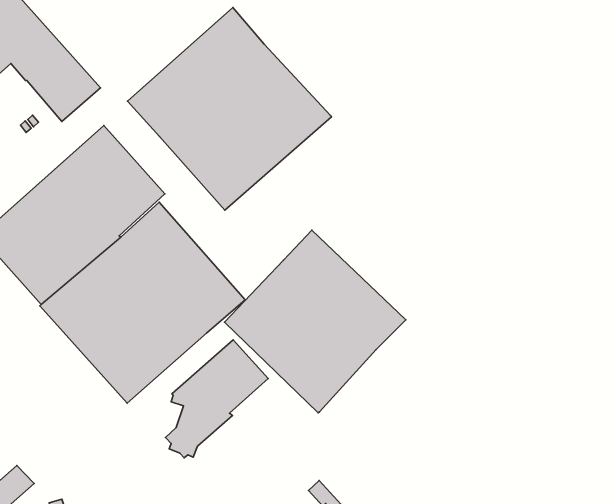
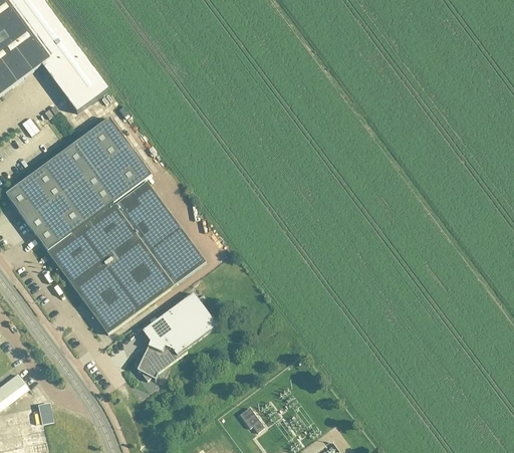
building: [128,8,331,210] -> none
building: [224,230,406,413] -> none

